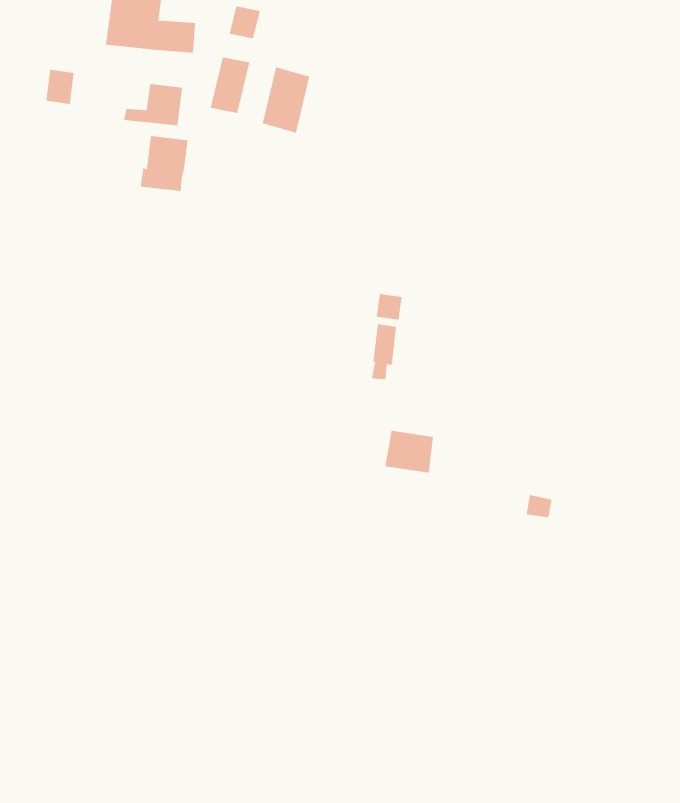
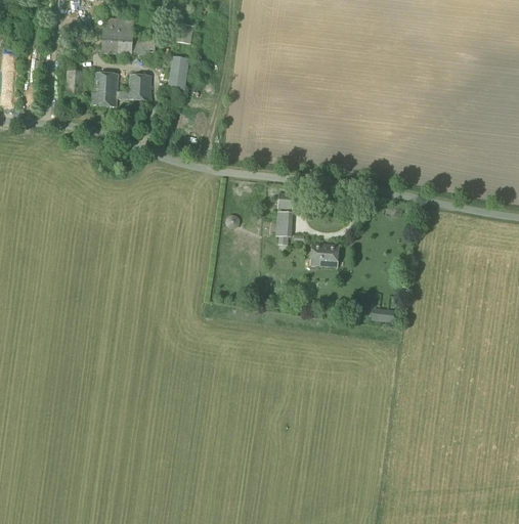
building: [262,66,310,133] -> none
building: [140,136,189,192] -> [90,73,118,105]
building: [385,430,434,473] -> [309,243,338,267]

